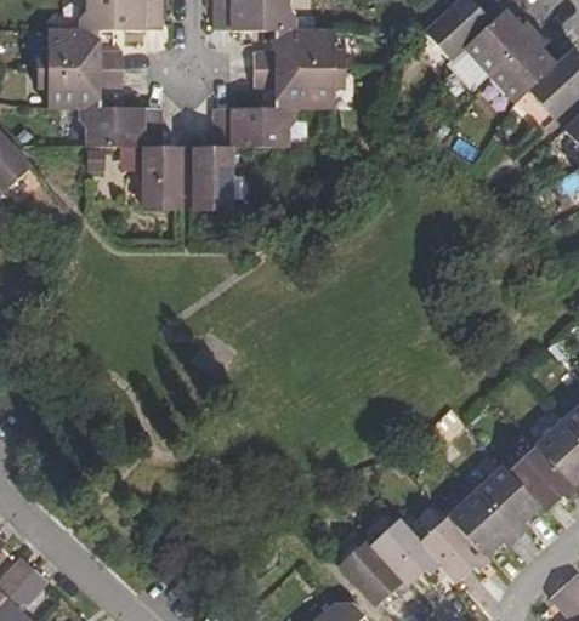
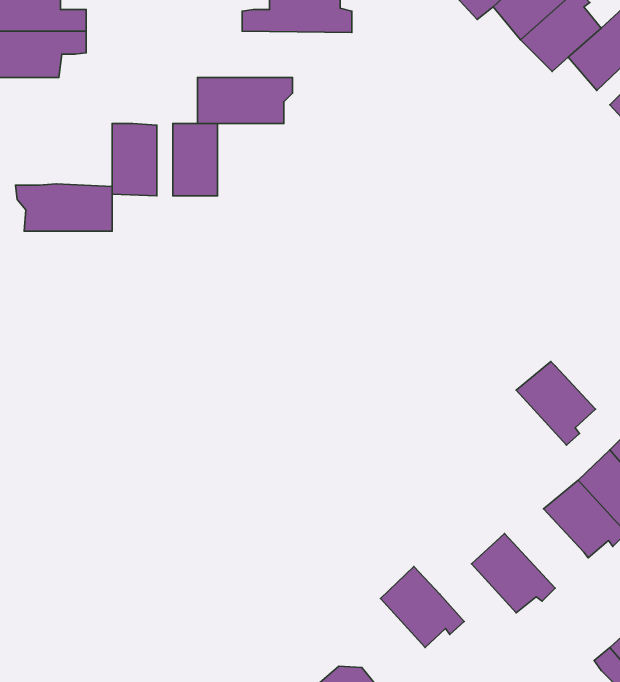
building: [254,68,346,107] -> none
building: [80,106,161,146] -> [16,184,112,231]
building: [475,466,541,536] -> [516,361,596,445]
building: [420,515,489,582] -> none
building: [339,540,408,605] -> none

